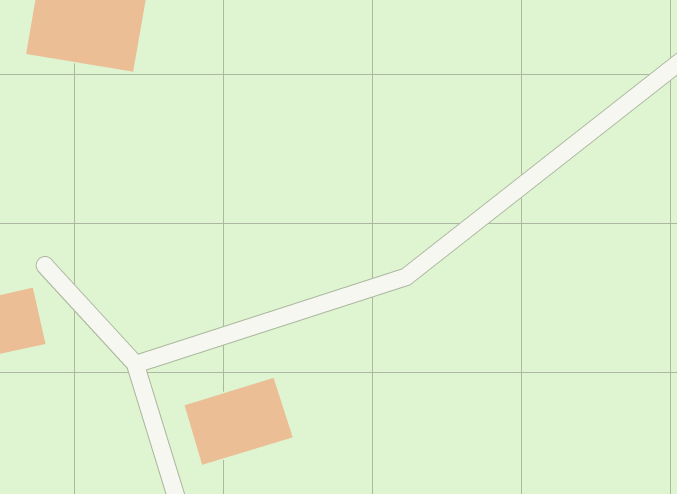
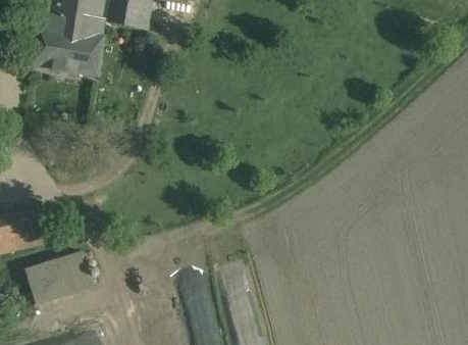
building: [183,377,294,466] -> [22,250,91,305]

